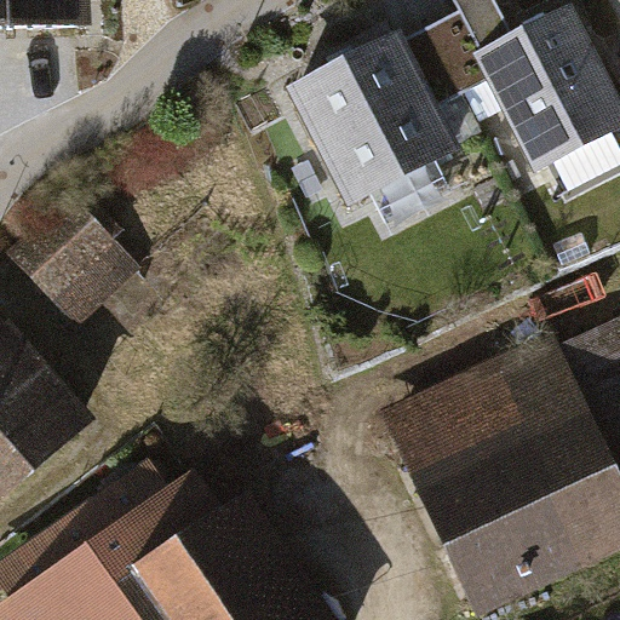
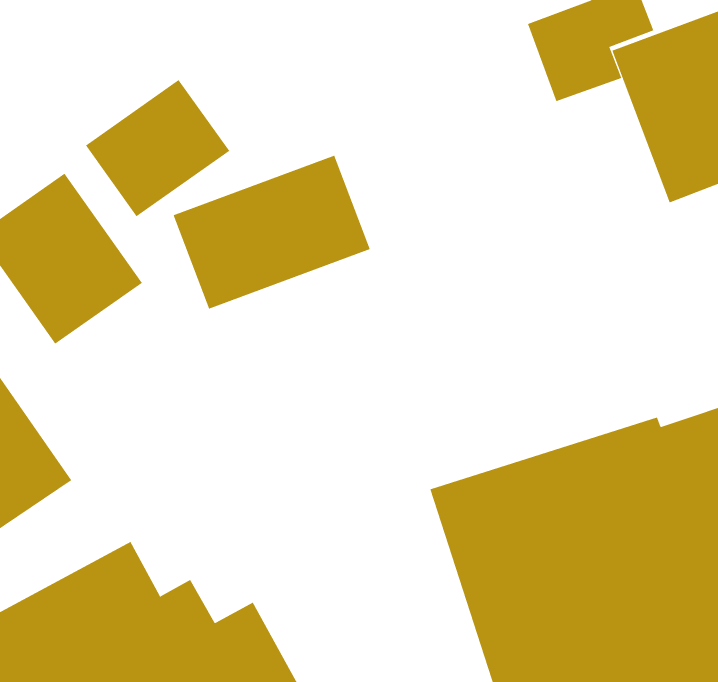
building: [288,31,457,200] -> none
building: none -> [85,79,230,217]
building: none -> [173,155,370,310]

